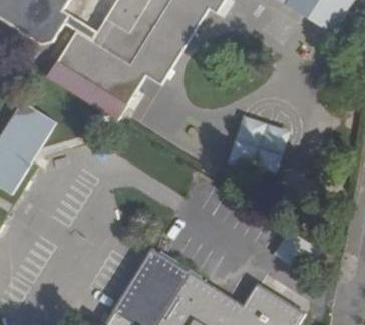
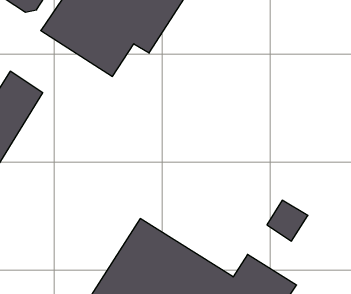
building: [230,117,292,180] -> none

